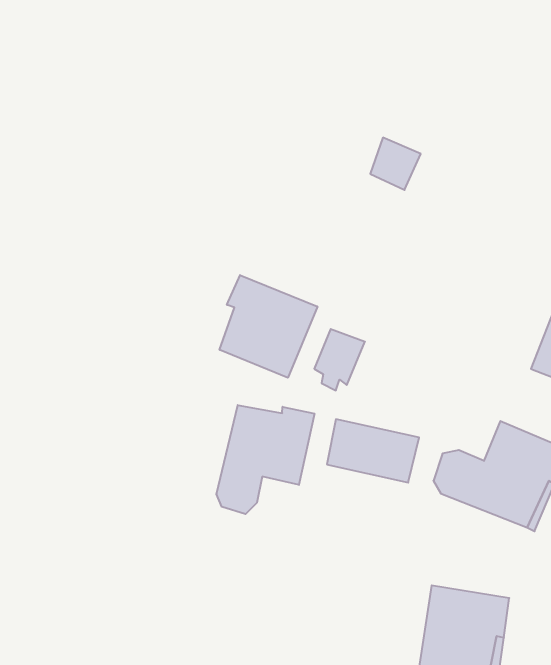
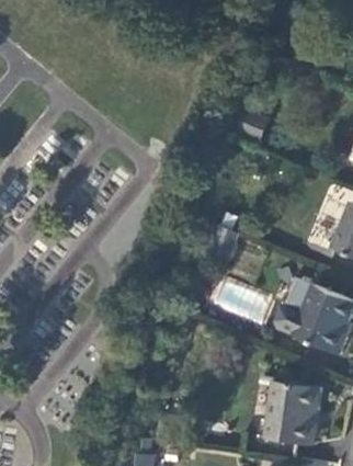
building: [220,275,317,378] -> none
building: [217,405,314,514] -> none

